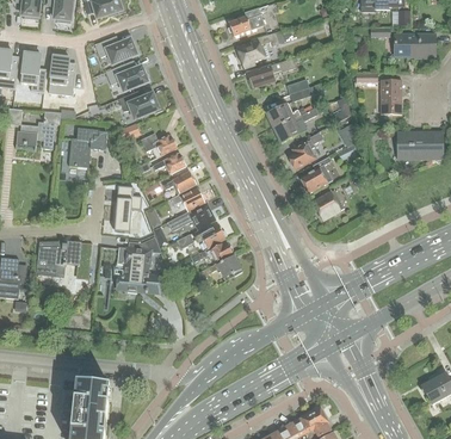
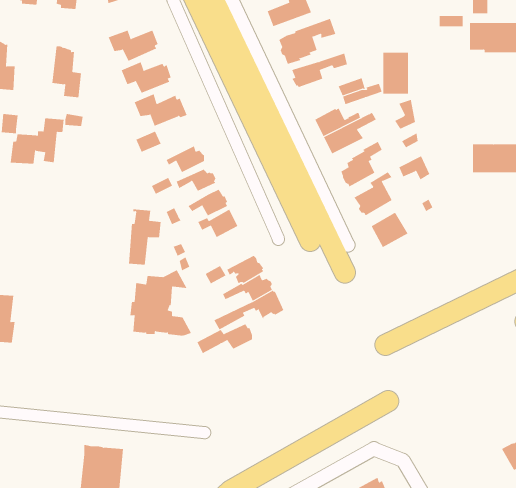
building: [21,49,47,91] -> none
building: [379,79,401,113] -> [383,52,409,94]
building: [68,128,106,166] -> none
building: [166,205,212,230] -> [197,323,253,354]
building: [36,240,92,278] -> none

